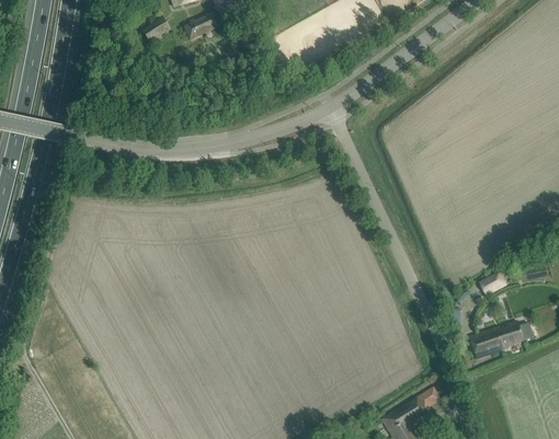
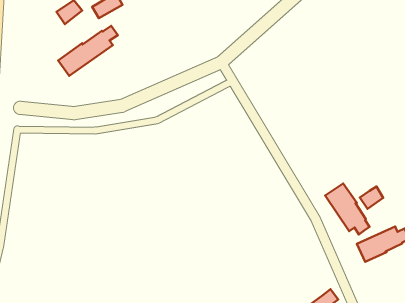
building: none -> [58,26,118,76]
building: none -> [325,183,370,234]

